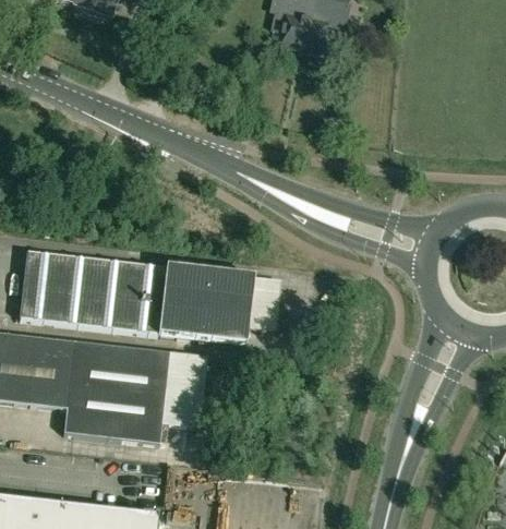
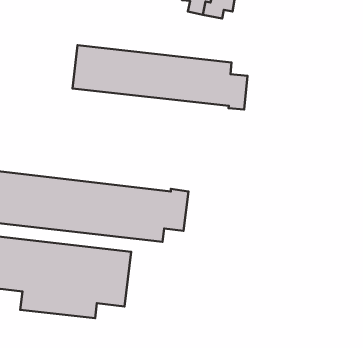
building: none -> [72,45,247,109]

